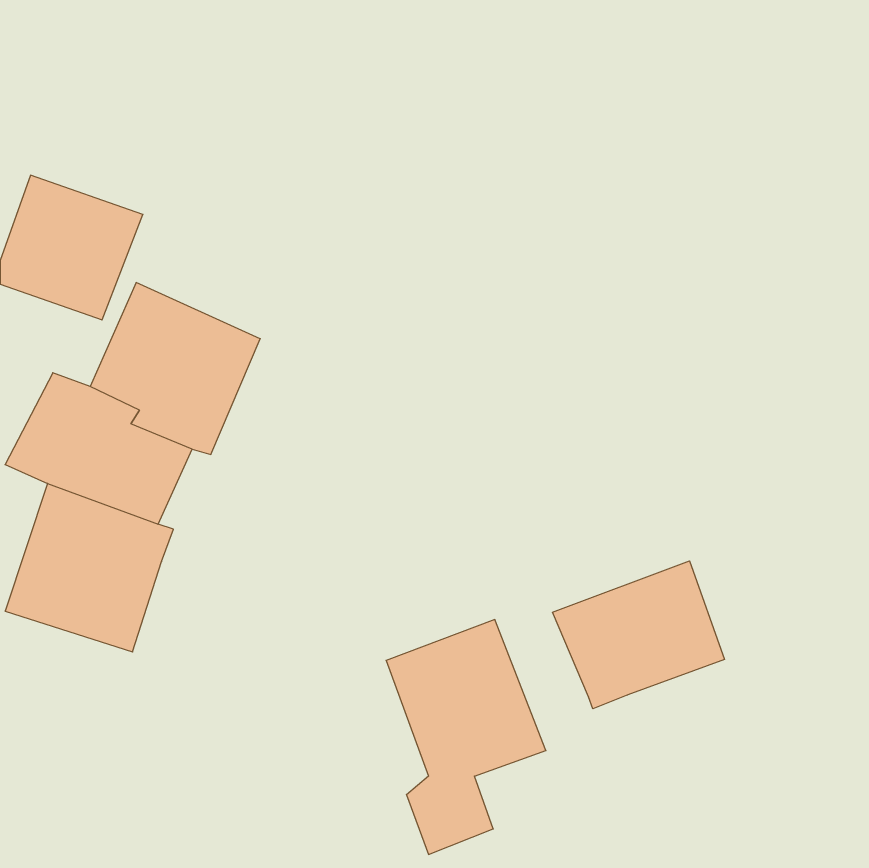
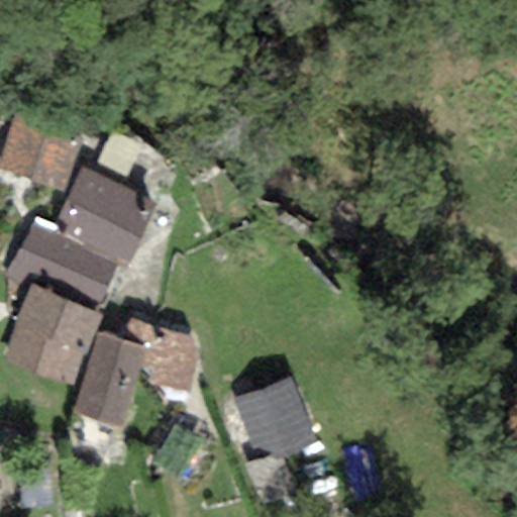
building: none -> [72,318,205,427]
building: [552,561,724,709] -> none

